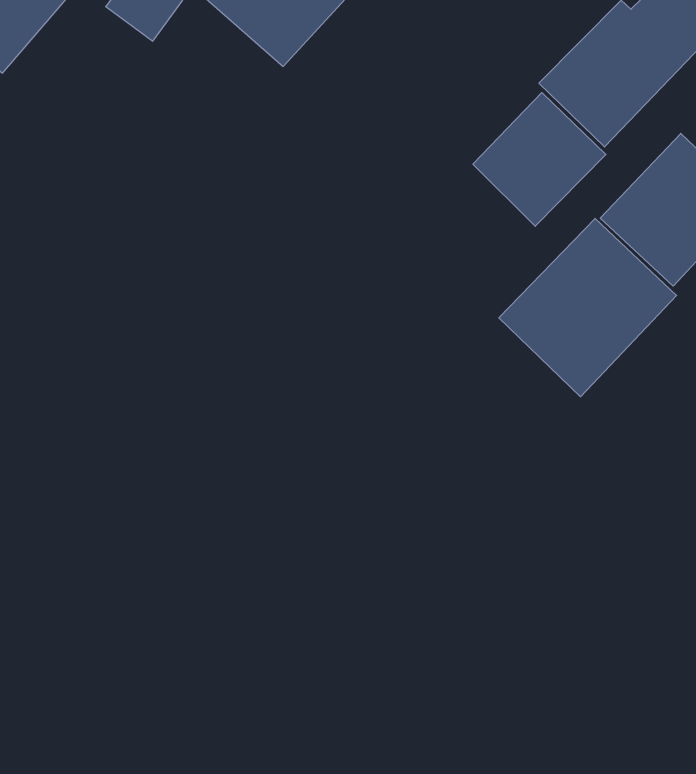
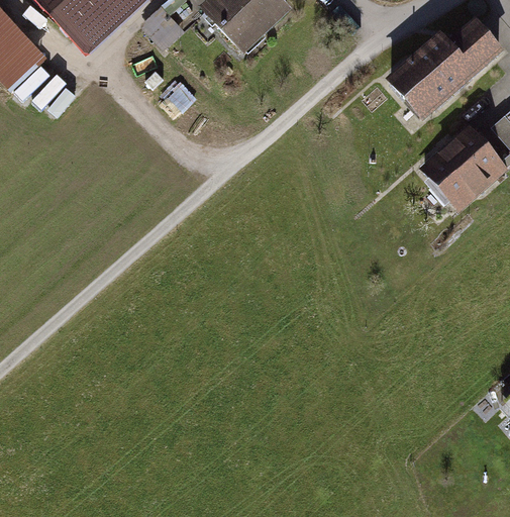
building: [473,93,606,226] -> none
building: [499,218,677,397] -> none

